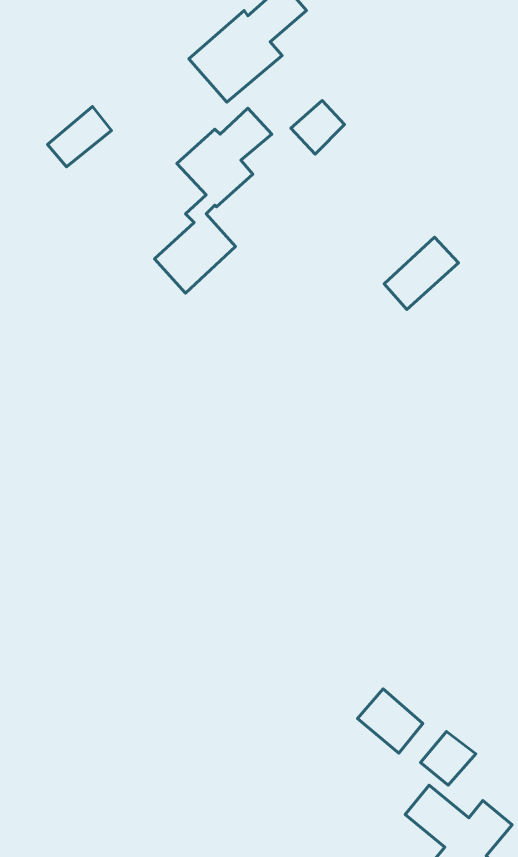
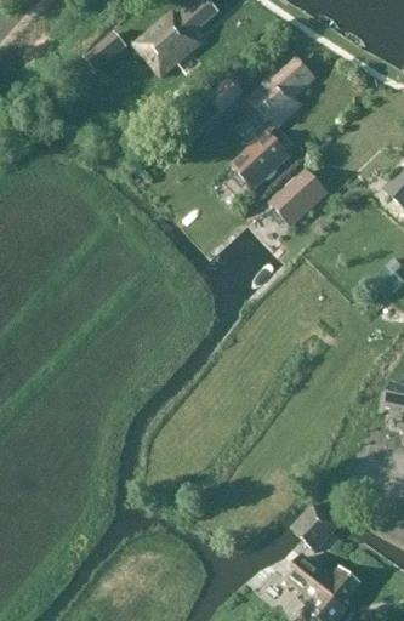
building: [48,106,112,167] -> [82,30,127,73]
building: [154,108,272,293] -> [233,59,315,189]
building: [358,689,423,753] -> none

